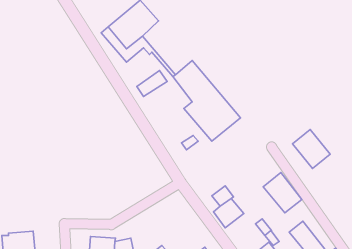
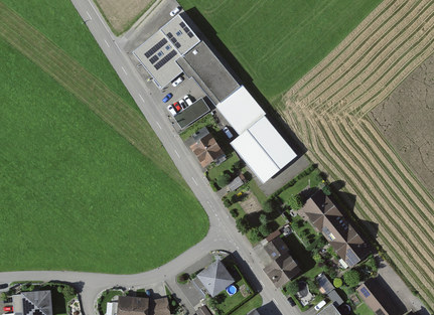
building: none -> [180,38,240,103]
building: none -> [189,132,224,166]
building: [292,130,330,168] -> [300,190,345,237]
building: none -> [192,258,236,298]

